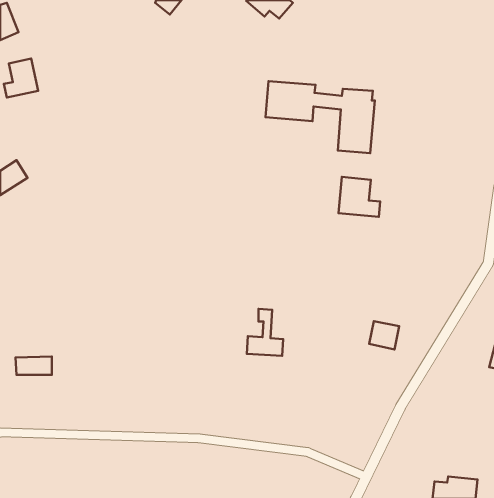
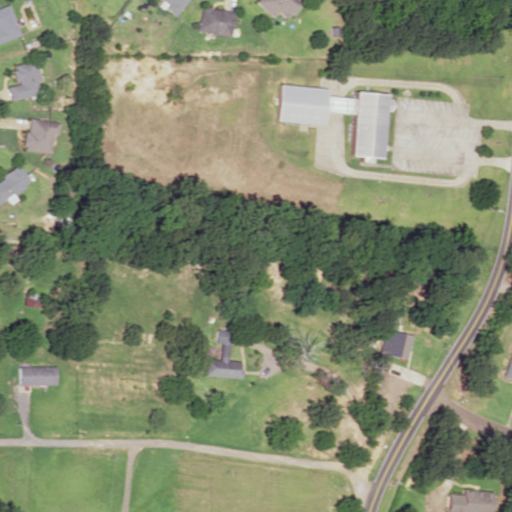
building: none -> [201,6,238,37]
building: none -> [26,119,61,153]
building: [338,177,380,217] -> none
building: [247,309,283,356] -> [207,330,244,378]

